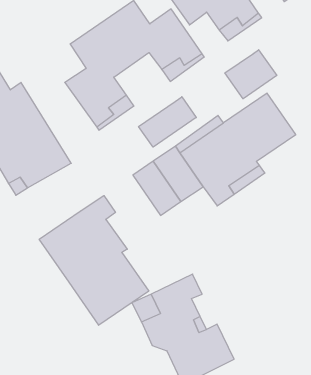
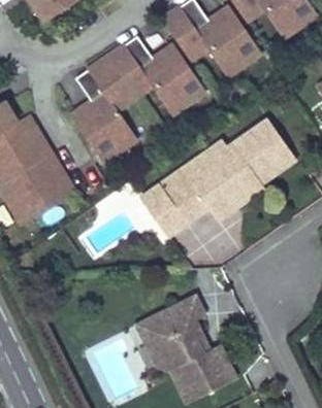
building: [225,50,277,99] -> none
building: [139,97,196,147] -> none
building: [39,196,149,325] -> none

